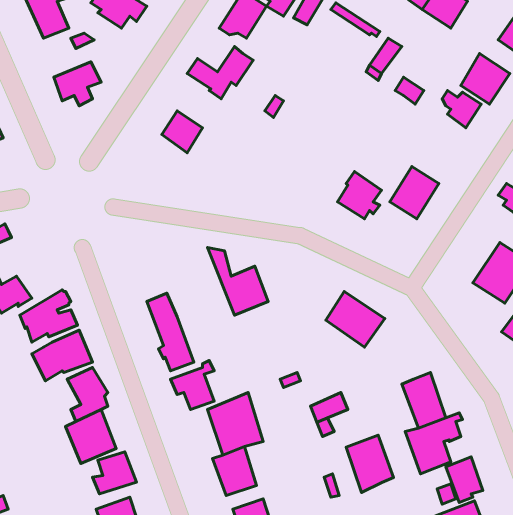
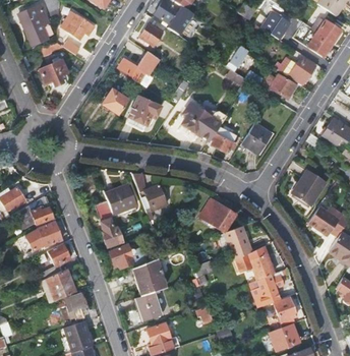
building: none -> [128,95,161,125]
building: none -> [181,103,226,141]
building: none -> [105,184,136,213]
building: [346,435,394,493] -> [227,225,255,259]

